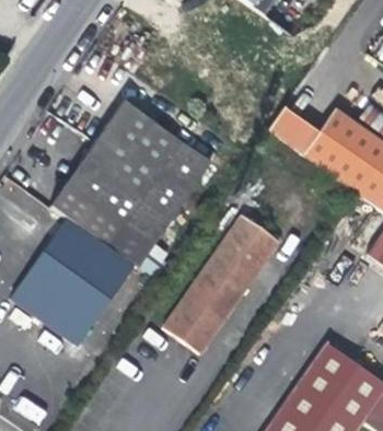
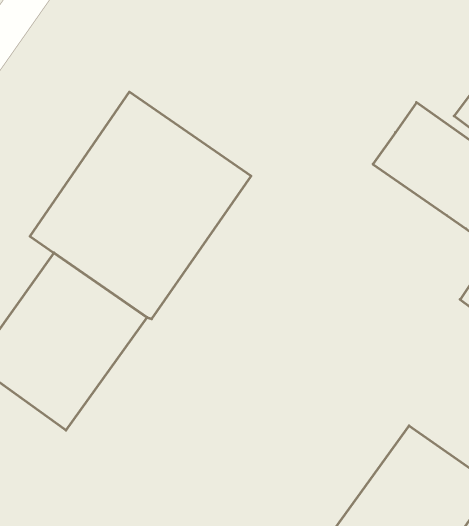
building: [268,107,317,154] -> none
building: [163,218,280,356] -> none

